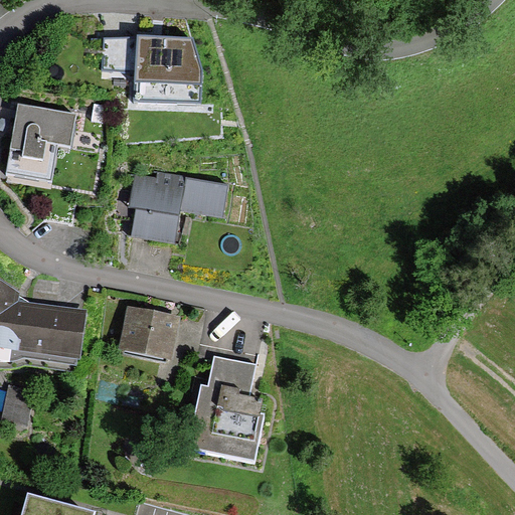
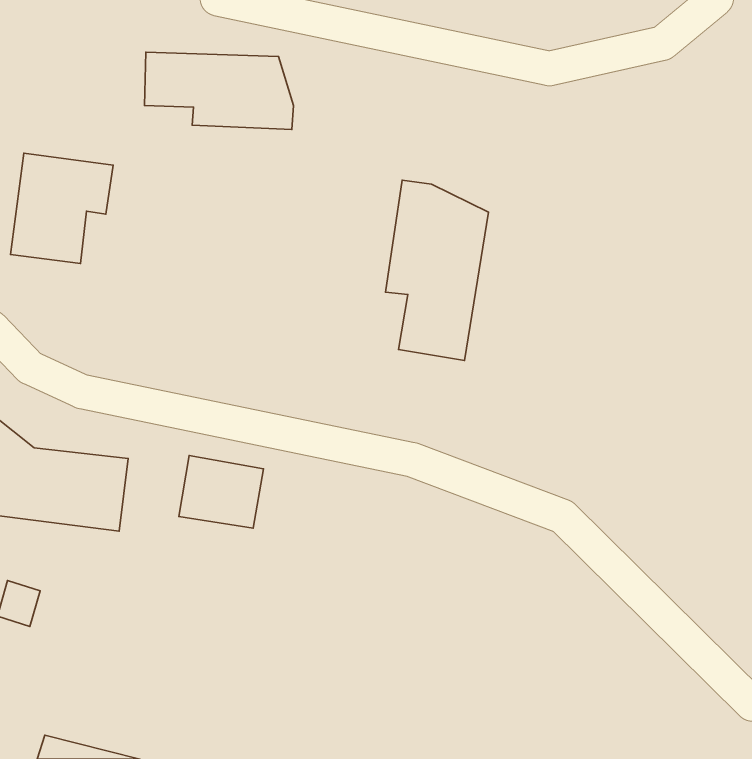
building: none -> [386,180,488,361]
building: [124,172,223,242] -> none
building: [195,356,266,458] -> none

